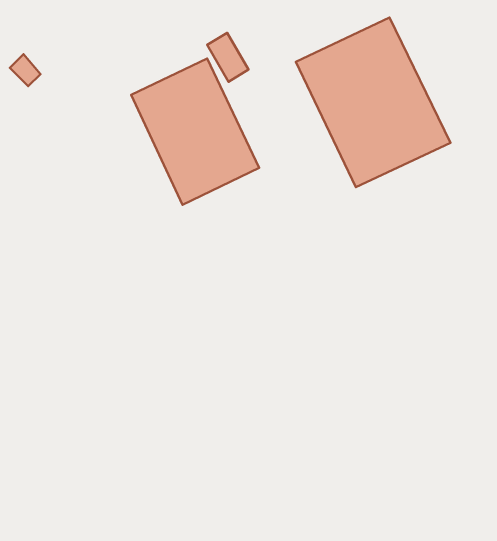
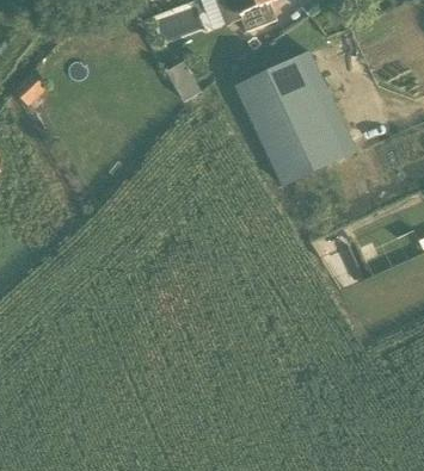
building: [131,59,259,205] -> none

